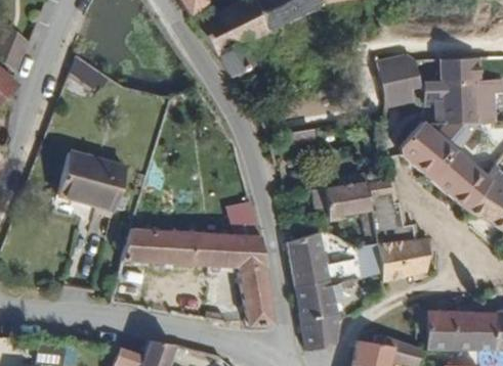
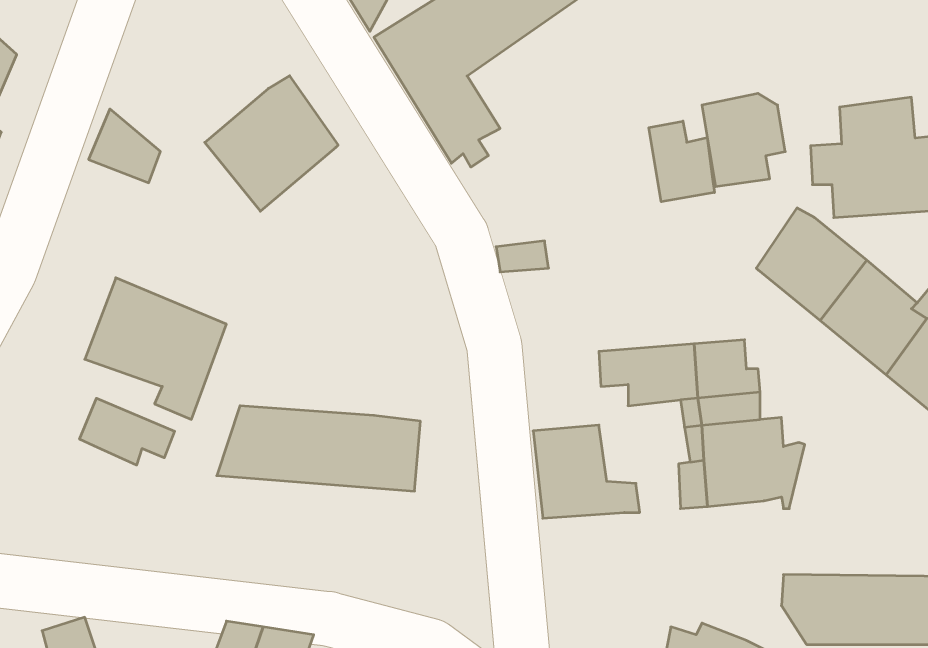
building: none -> [205,76,338,211]
building: none -> [649,121,714,202]
building: [226,203,275,332] -> none
building: none -> [80,398,175,465]
building: [294,279,339,338] -> none

